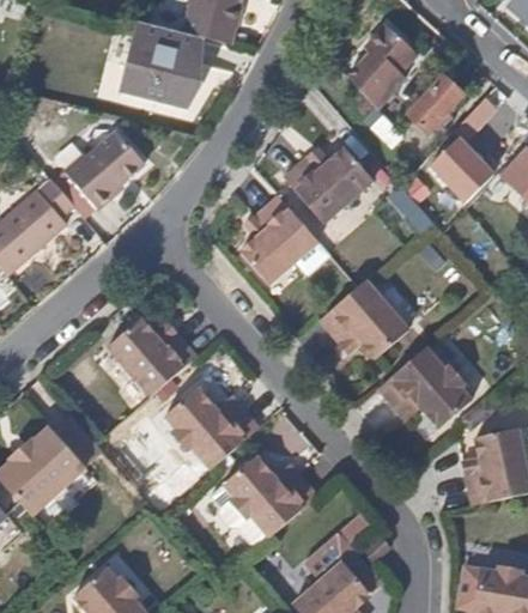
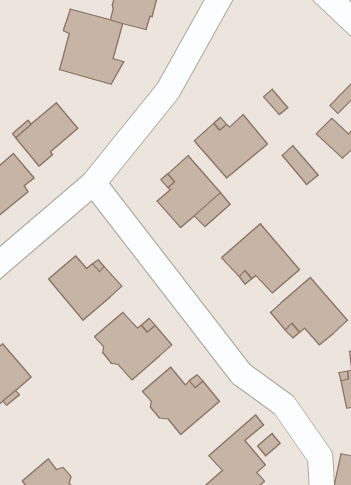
building: [346,24,417,108] -> none
building: [409,74,468,132] -> none

